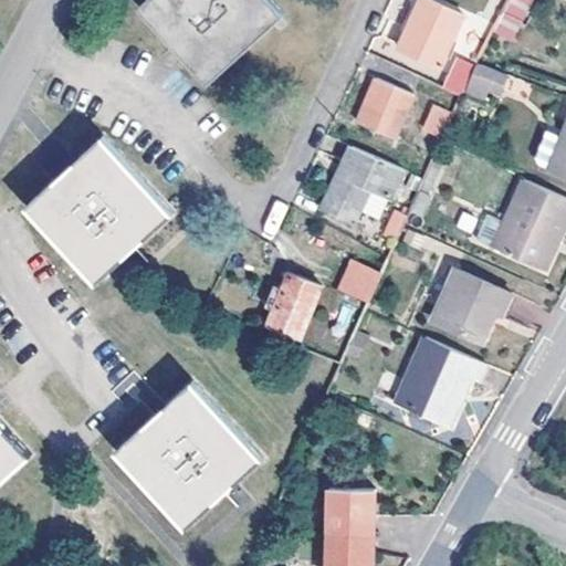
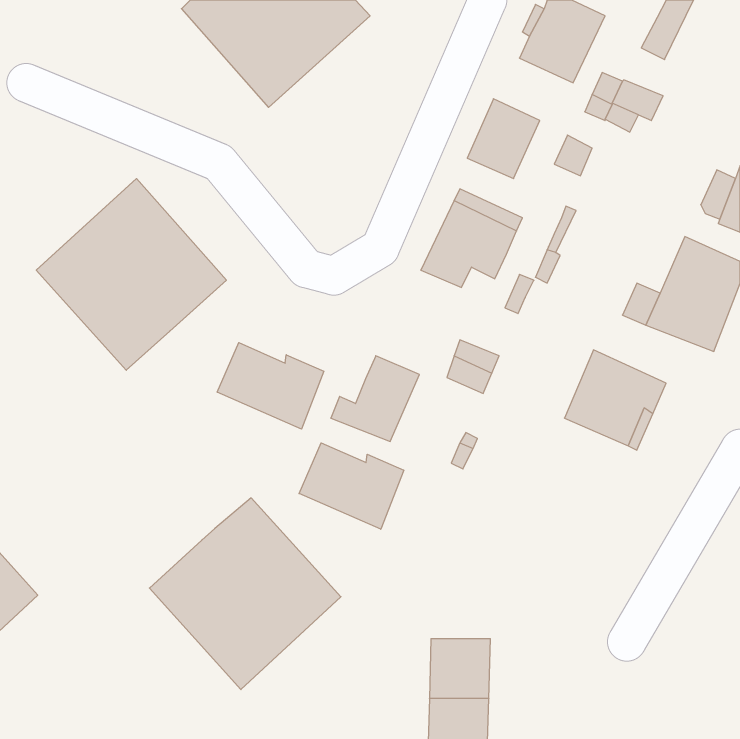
building: none -> [217,343,324,429]
building: [394,338,483,424] -> none
building: none -> [299,443,404,529]

